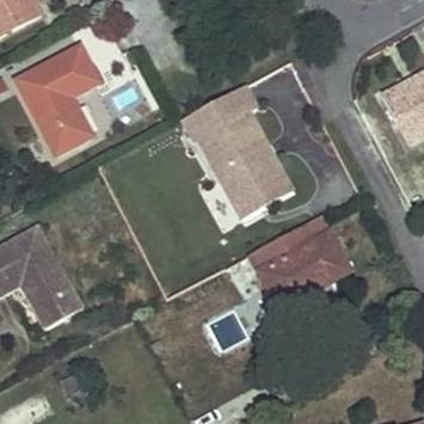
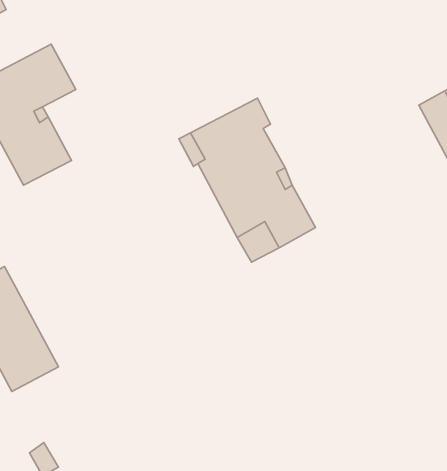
building: [246,211,349,322] -> none

